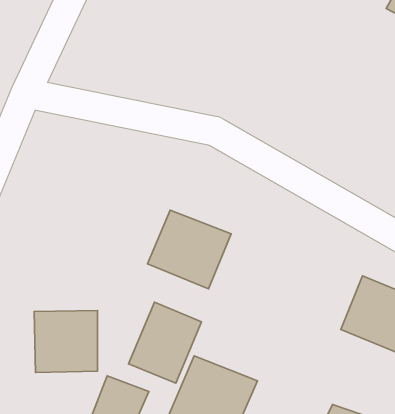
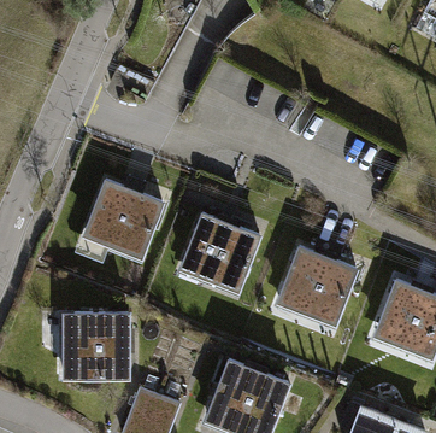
building: none -> [83,179,167,258]
building: none -> [276,248,360,328]
building: [129,302,202,383] -> none

